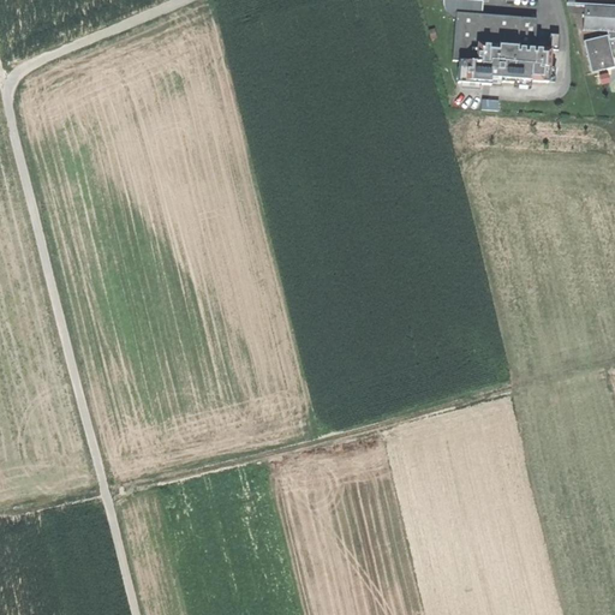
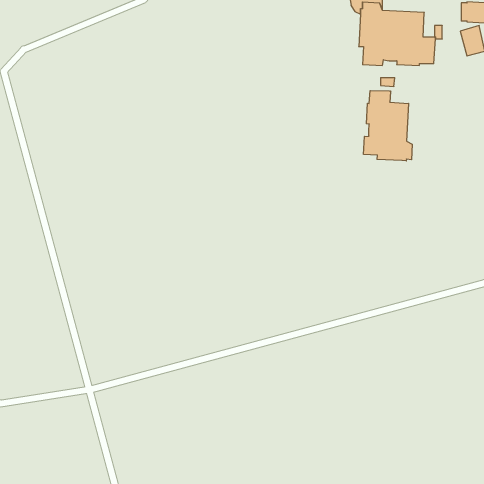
building: none -> [364,91,412,161]

